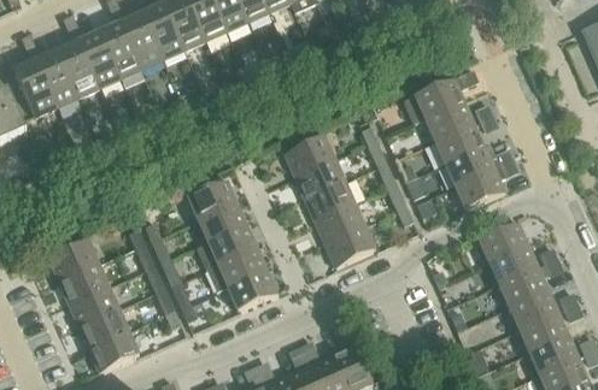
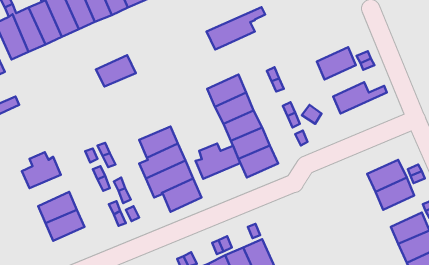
building: [403,70,477,124] -> [207,7,265,50]
building: [434,124,485,164] -> none
building: [455,159,517,209] -> none
building: [187,179,238,219] -> [96,55,136,86]
building: [479,223,528,262] -> none
building: none -> [196,144,240,179]
building: [58,264,109,303] -> none
building: [509,290,558,330] -> none
building: [88,330,139,372] -> none

